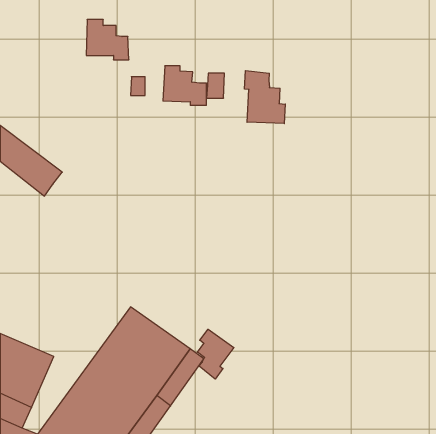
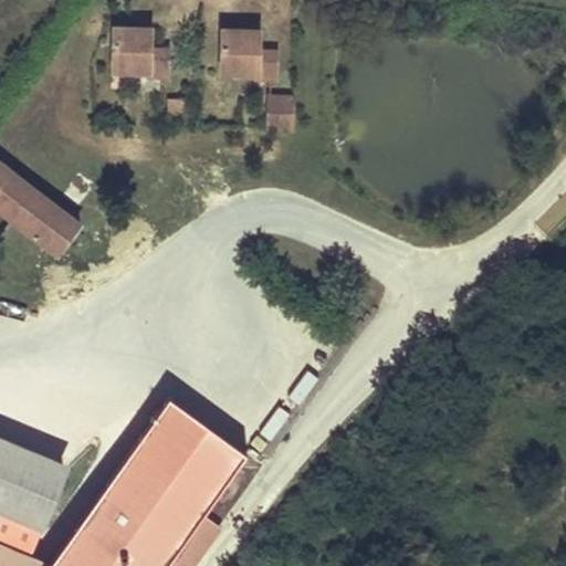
building: [163,66,206,105] -> [220,31,276,82]
building: [245,71,285,124] -> none
building: [197,329,234,379] -> none

